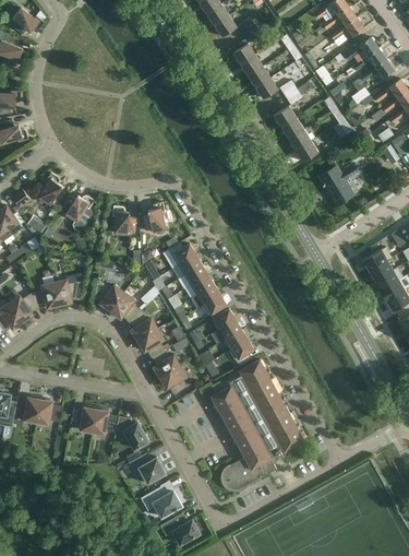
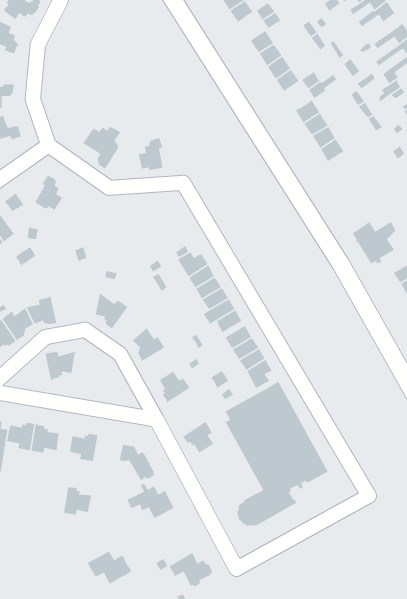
building: [318,165,359,204] -> [351,221,396,265]
building: [59,194,94,234] -> [82,126,121,170]
building: [142,201,165,232] -> [138,137,163,171]
building: [111,205,135,234] -> none
building: [53,280,82,307] -> [44,351,76,381]
building: [108,292,140,322] -> none
building: [134,329,164,357] -> none
building: [157,365,187,394] -> [182,421,214,454]
building: [92,406,118,434] -> [63,485,92,516]
building: [140,485,181,517] -> [87,550,133,585]

